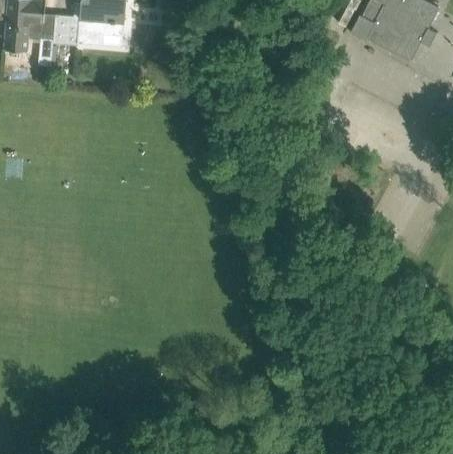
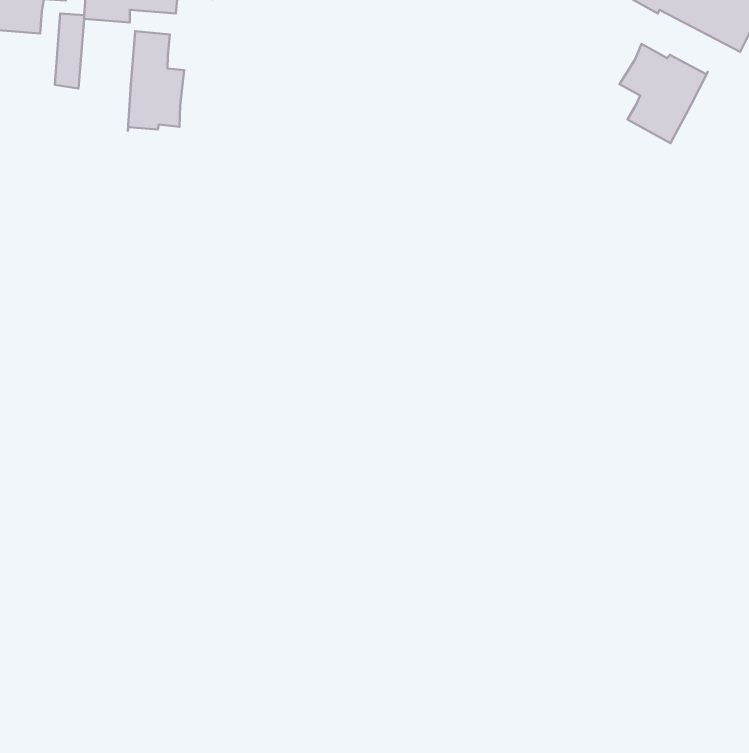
building: none -> [128,31,184,131]
building: none -> [620,44,708,143]

